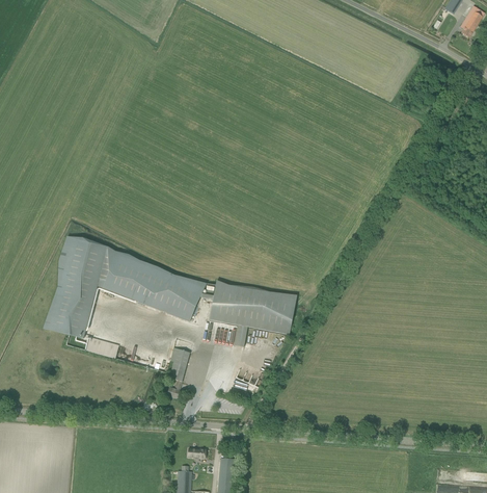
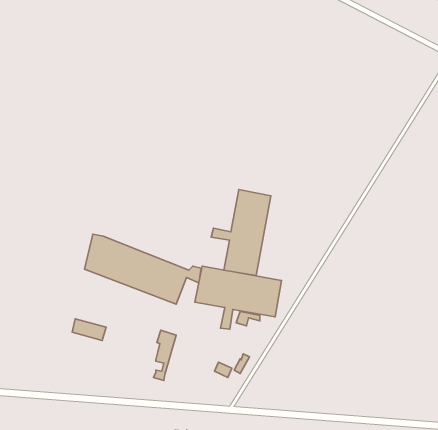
building: none -> [211,190,271,275]
building: [49,237,107,337] -> none

